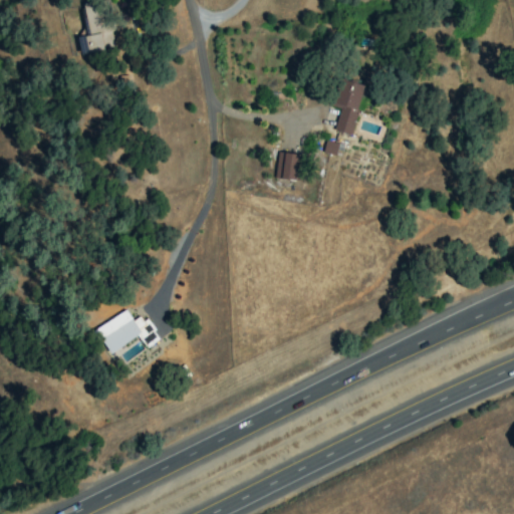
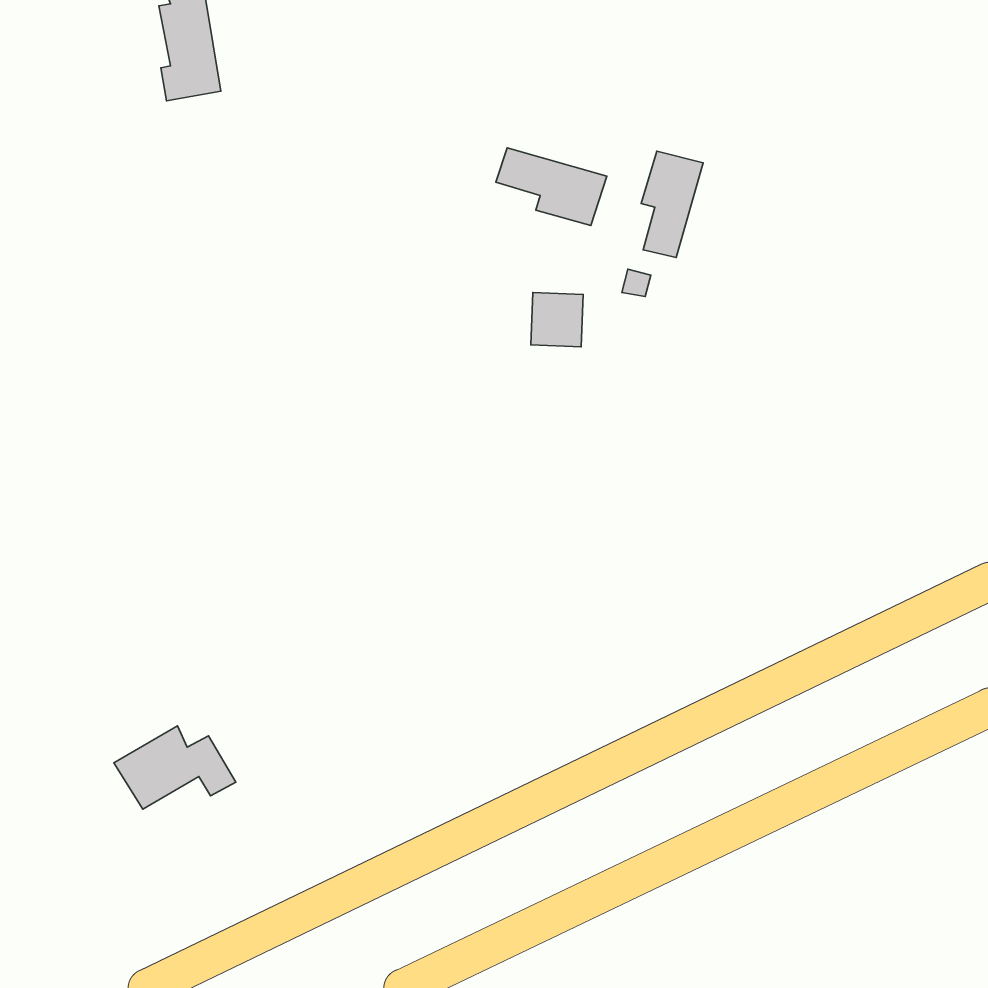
building: none -> [496,148,607,225]
building: [94,309,158,352] -> [114,726,236,809]

